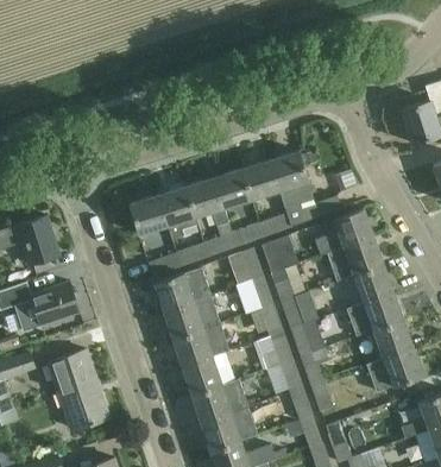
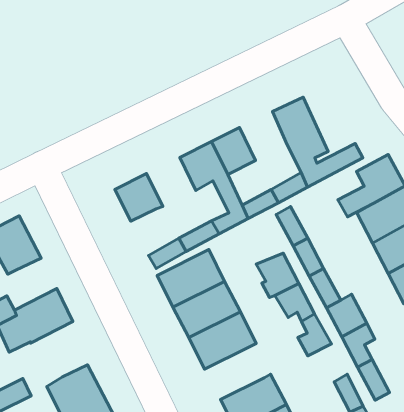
building: [241,159,279,198] -> none
building: [158,187,200,239] -> none
building: [229,250,263,285] -> none
building: [183,354,232,395] -> none
building: [267,361,302,396] -> none

